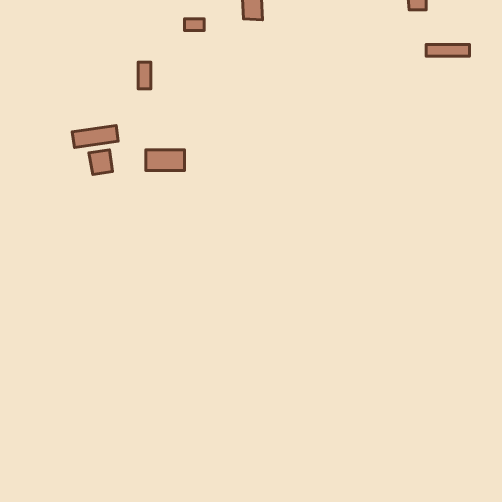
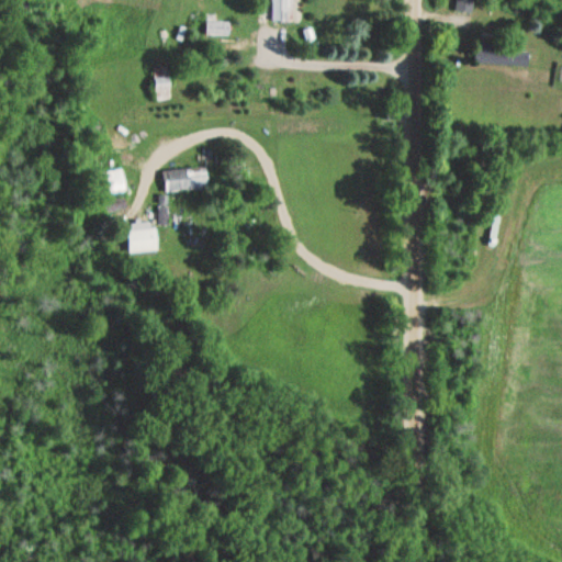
building: [72,126,118,147] -> none
building: none -> [128,227,158,251]

